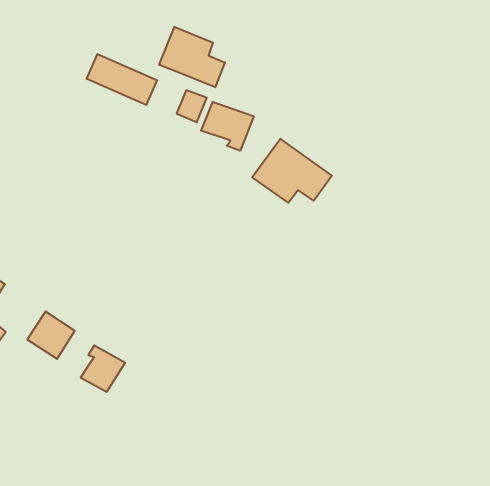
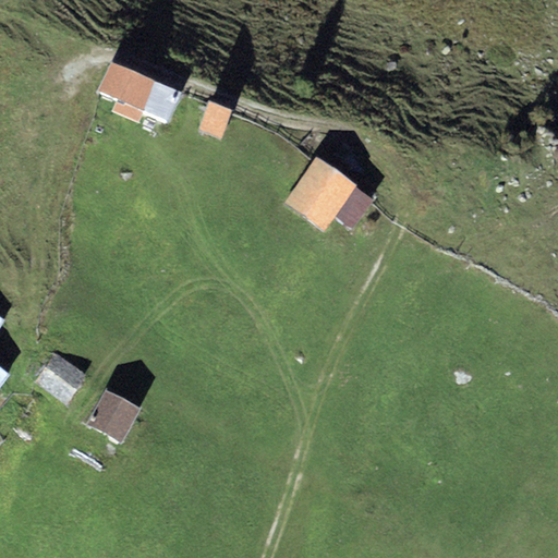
building: [159,27,225,87] -> none
building: [201,102,254,151] -> none

